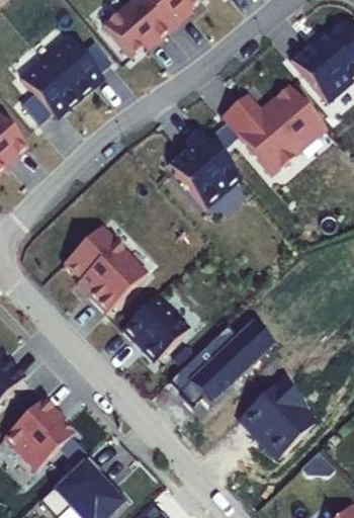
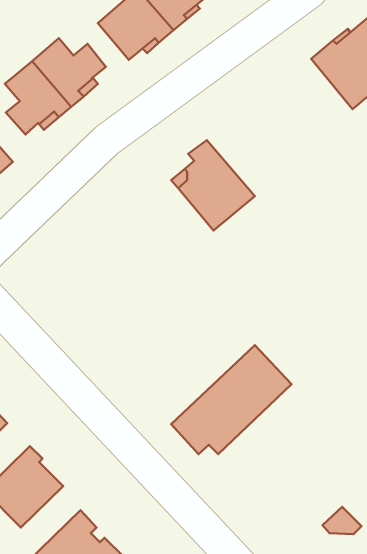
building: [227,86,322,171] -> none
building: [64,227,147,313] -> none
building: [122,295,189,358] -> none
building: [240,380,314,457] -> none

